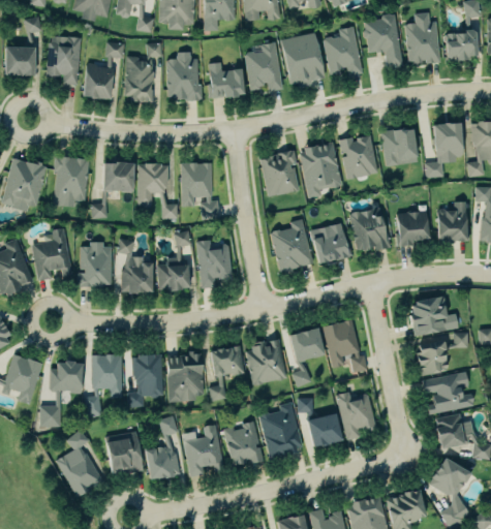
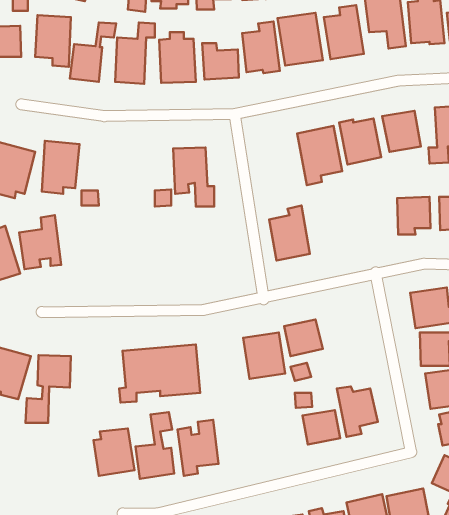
building: [260,151,301,196] -> none
building: [100,162,131,190] -> none
building: [137,163,170,207] -> none
building: [350,208,388,252] -> none
building: [308,222,348,263] -> none
building: [156,231,191,289] -> none
building: [119,239,151,293] -> none
building: [197,240,232,288] -> none
building: [80,241,113,286] -> none
building: [324,319,368,373] -> none
building: [209,345,246,401] -> none
building: [92,353,123,403] -> none
building: [258,402,304,458] -> none
building: [222,419,264,466] -> none
building: [58,430,103,496] -> none

